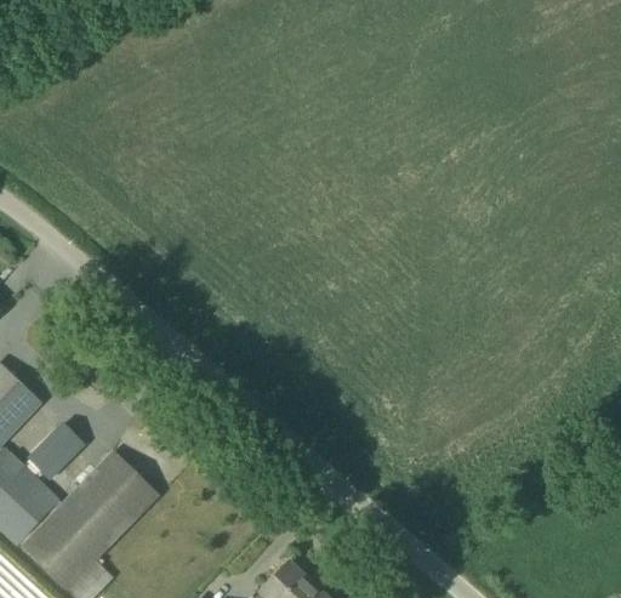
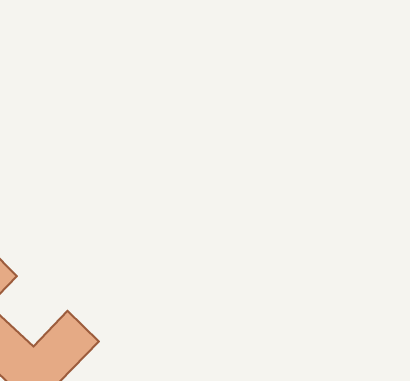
building: [29,423,84,479] -> none

